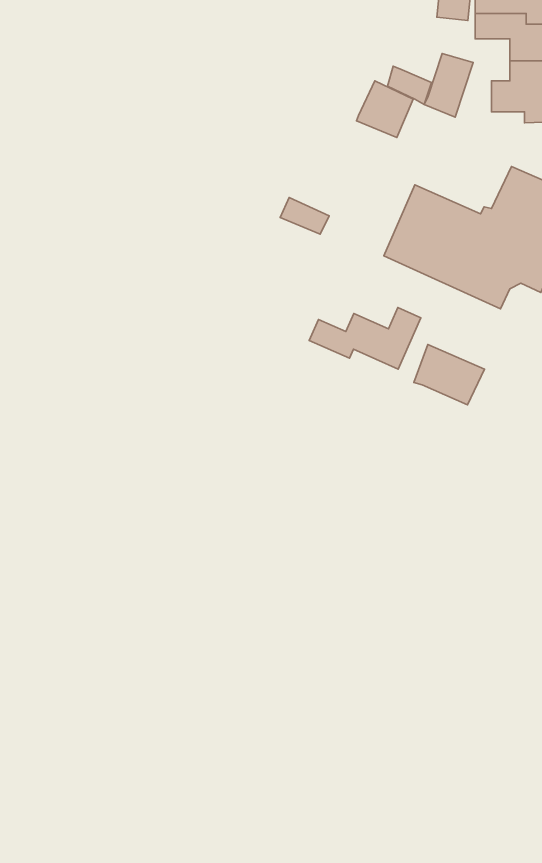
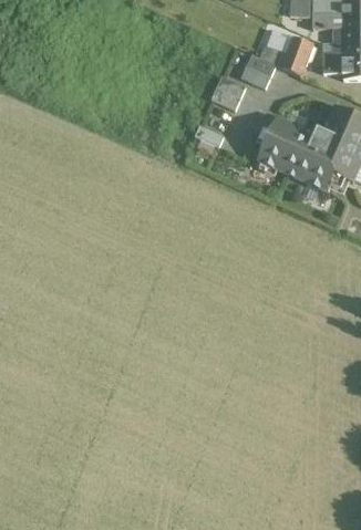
building: none -> [210,74,245,108]
building: [309,308,421,369] -> none
building: [414,344,484,405] -> none

